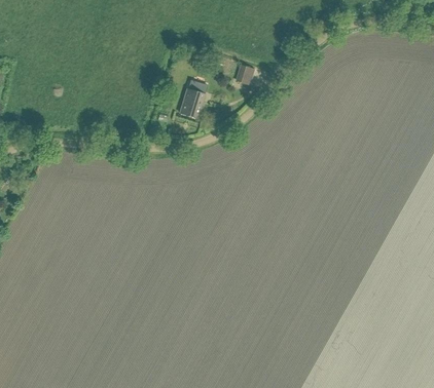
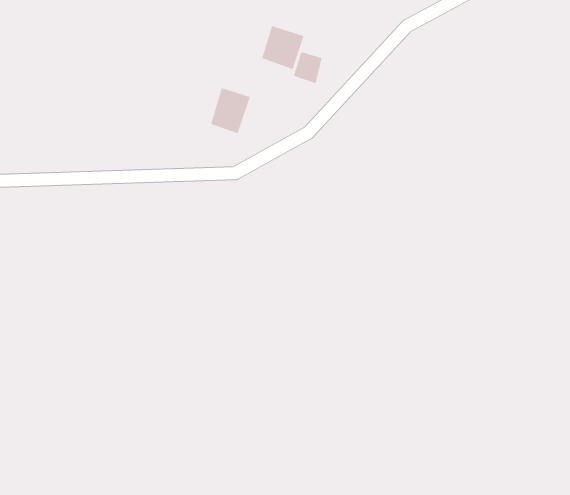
building: none -> [261,25,305,70]

